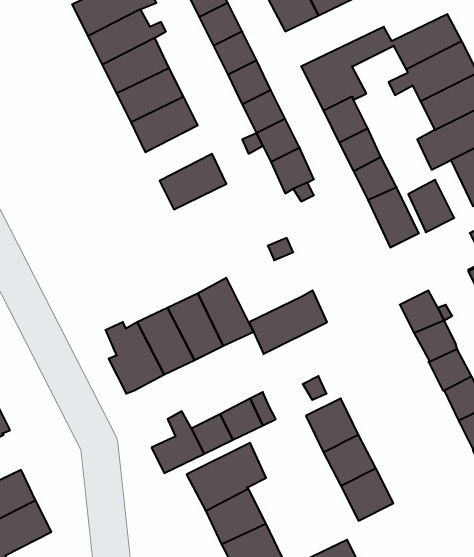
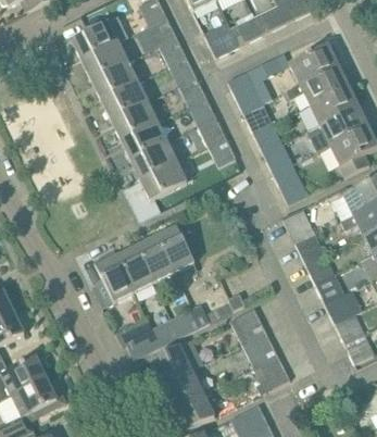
building: none -> [121,121,166,159]
building: [408,180,454,232] -> [282,208,314,244]
building: [249,290,327,354] -> [140,157,193,200]

